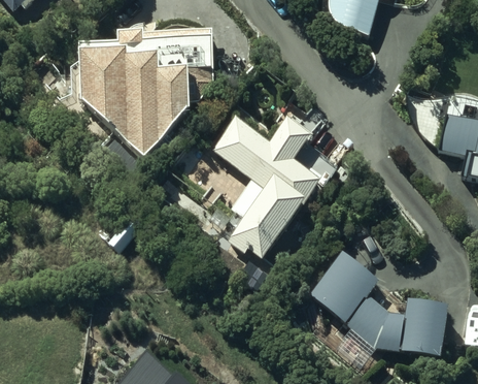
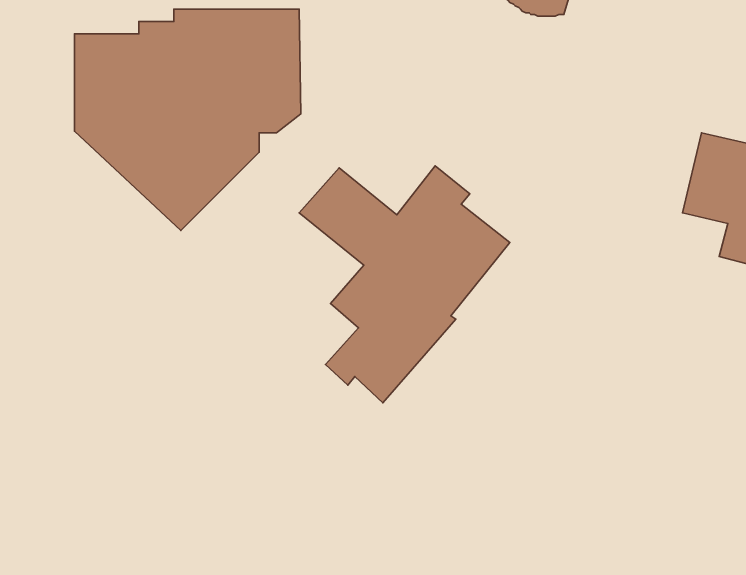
building: [310,249,448,348] -> none

